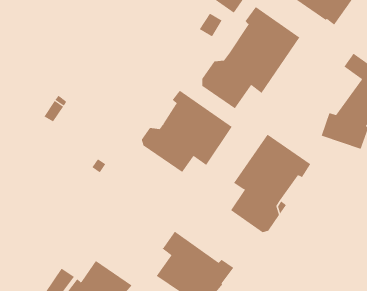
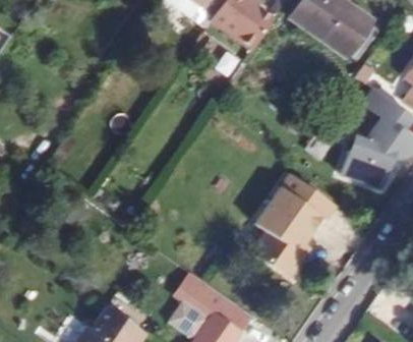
building: [202,6,300,109] -> none
building: [141,90,233,173] -> none

